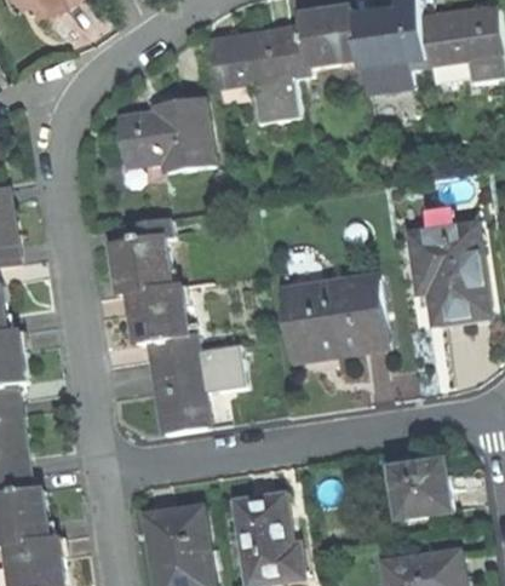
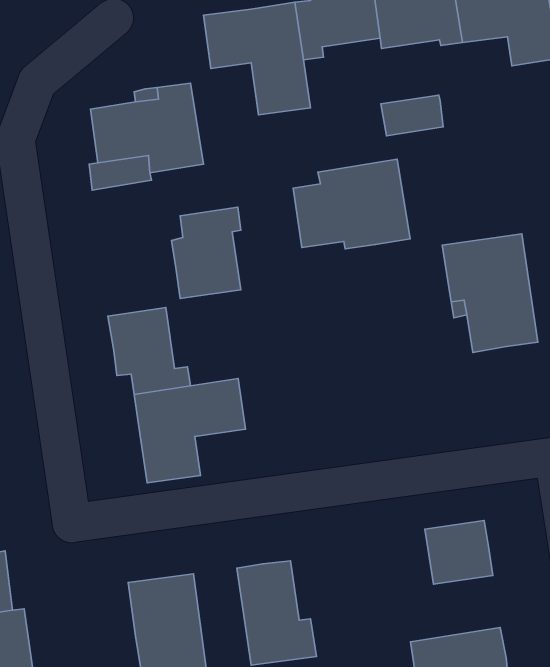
building: [358,61,411,94] -> [381,95,443,136]
building: [113,217,171,293] -> [171,207,241,298]
building: [288,276,386,351] -> [293,159,410,249]

